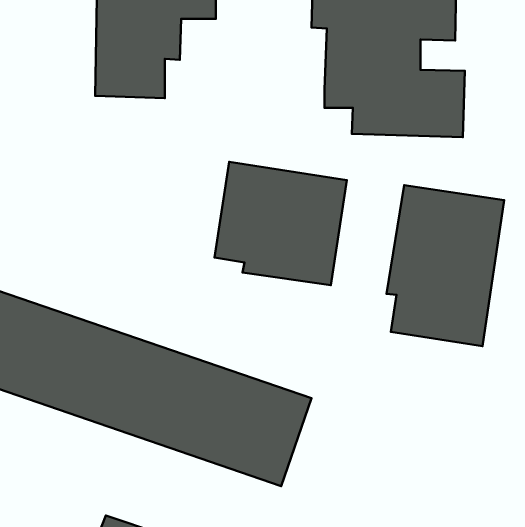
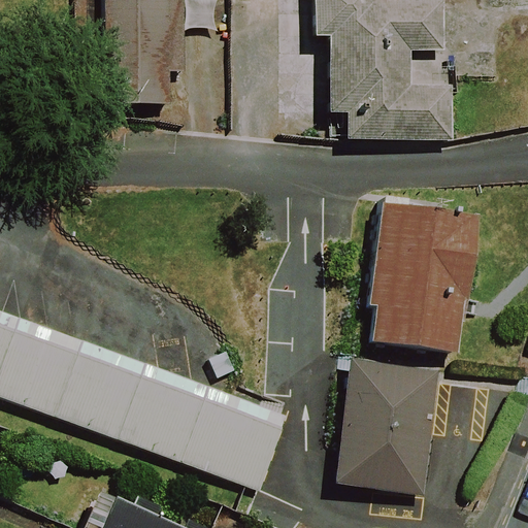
building: [215,162,347,285] -> none
building: none -> [329,363,436,504]

